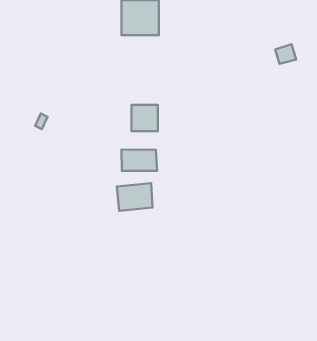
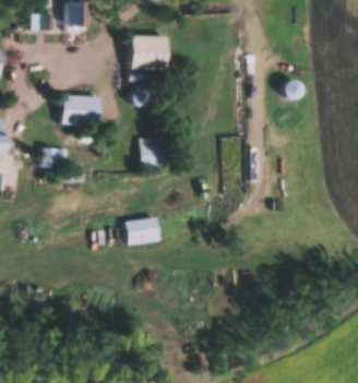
building: none -> [61,96,99,125]
building: [122,150,157,171] -> none

